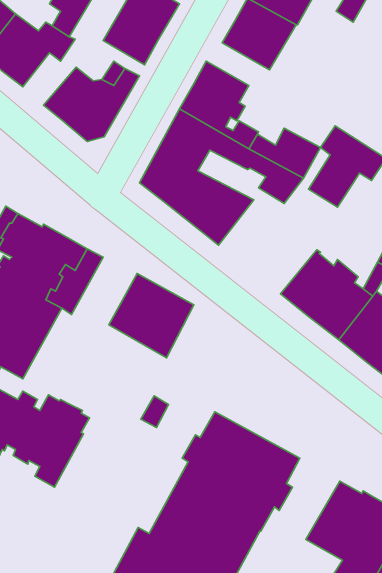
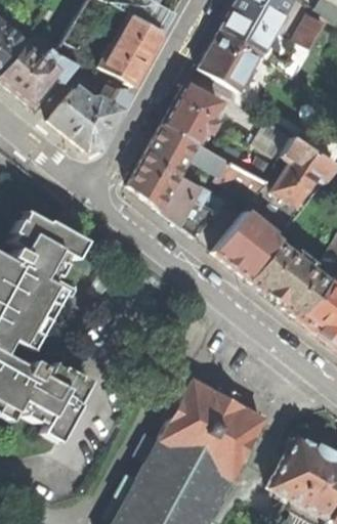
building: none -> [215,211,281,278]
building: [109,273,194,358] -> none

